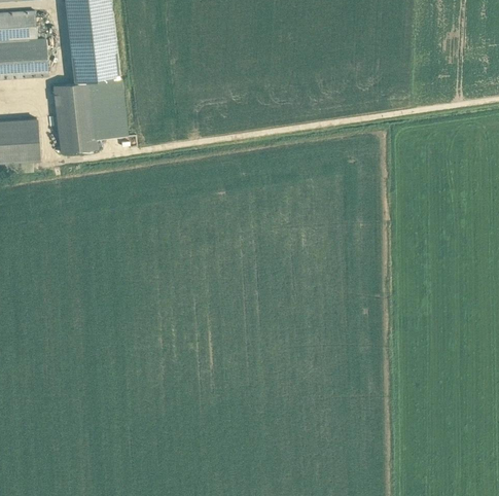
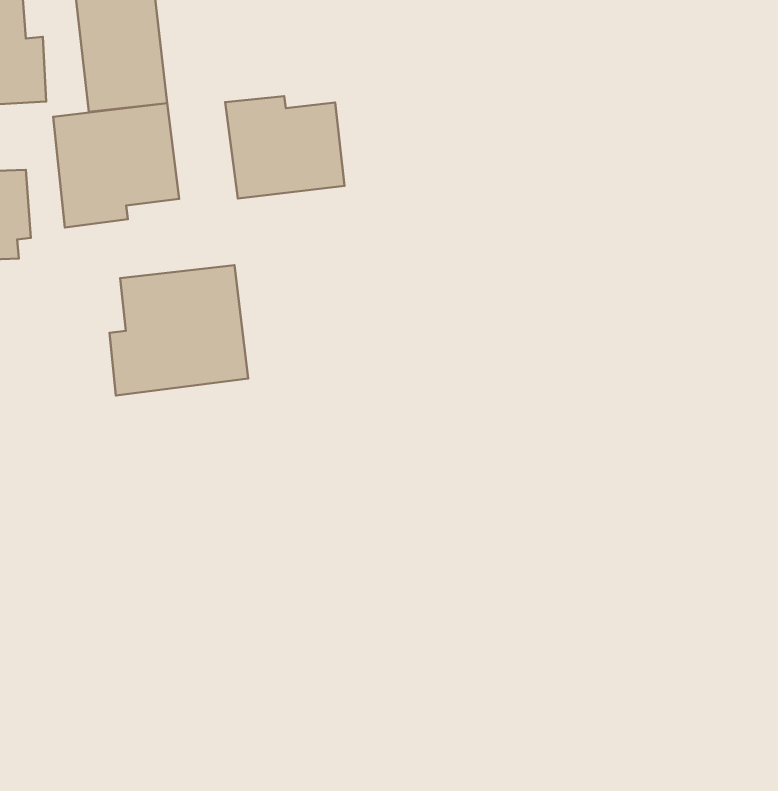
building: none -> [225,96,345,199]
building: none -> [109,265,248,395]

